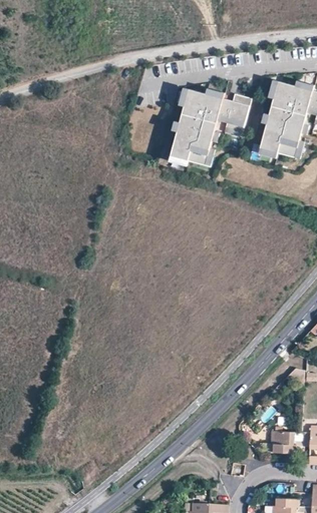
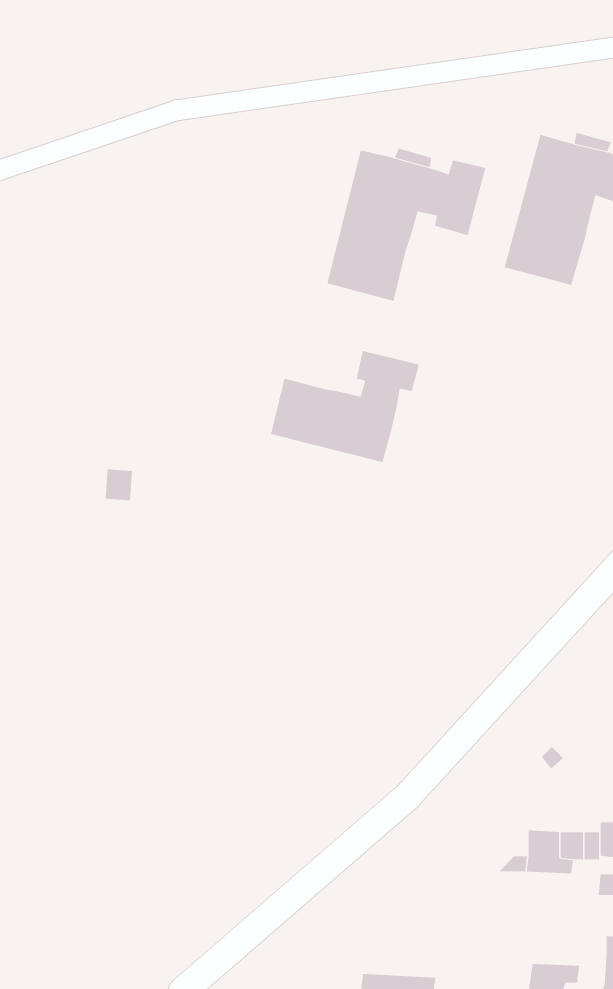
building: none -> [271,350,420,463]

